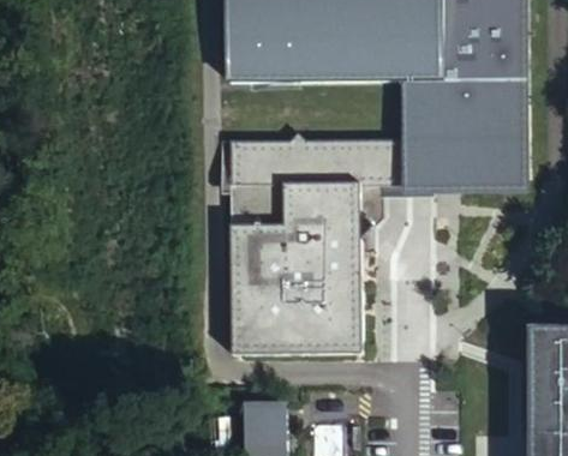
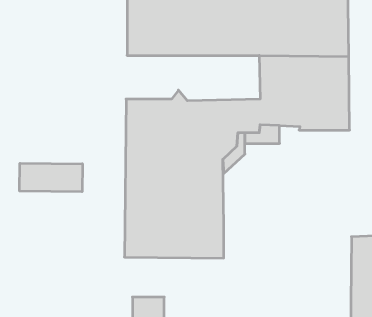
building: none -> [20,163,82,192]

